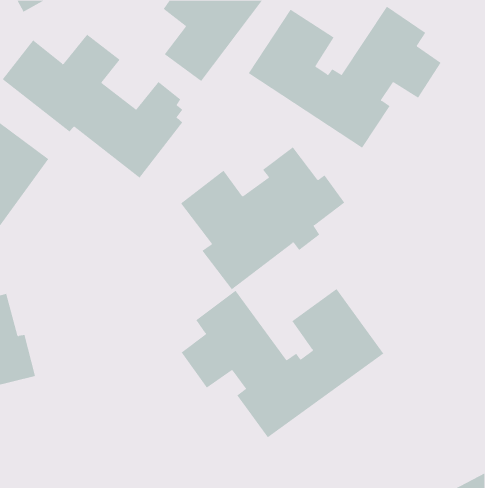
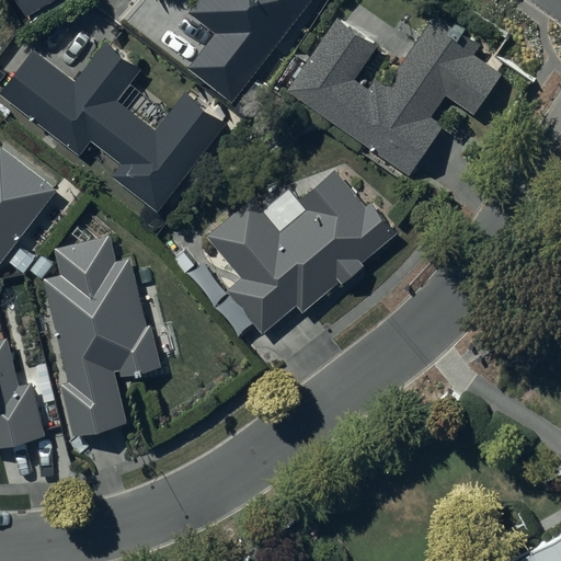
building: none -> [44,240,161,434]
building: [181,288,384,438] -> none

